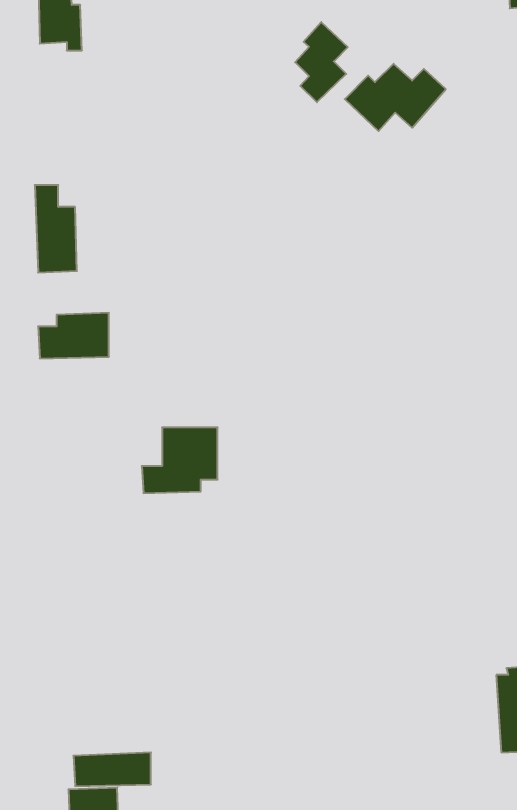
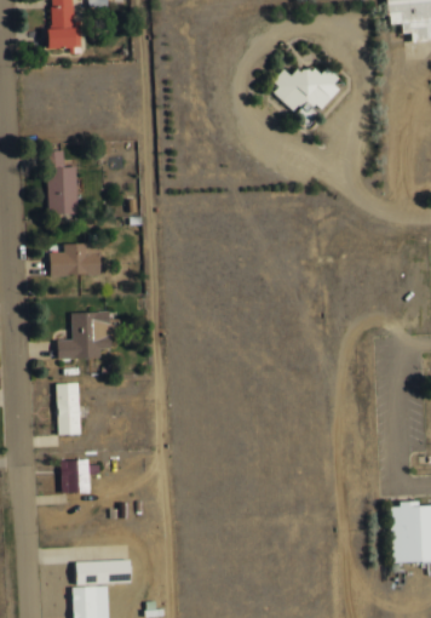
building: [295,22,348,102] -> none
building: [142,427,218,493] -> [57,311,111,359]
building: none -> [56,383,80,435]
building: none -> [61,460,98,493]

